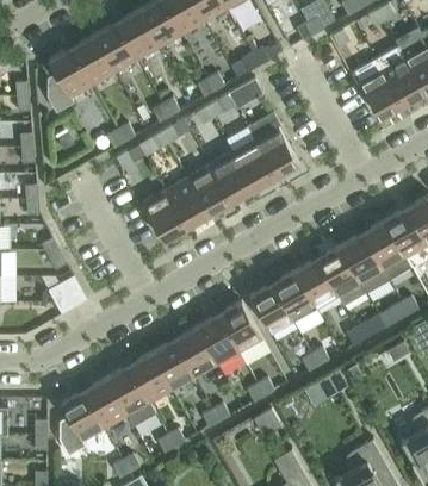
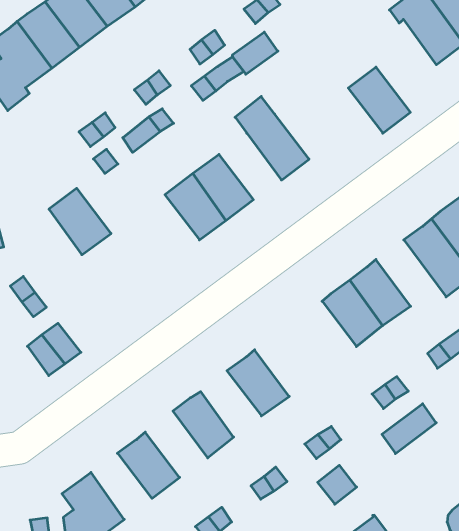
building: [254,127,298,177] -> [348,67,410,133]
building: [209,152,253,202] -> none
building: [142,191,186,241] -> [49,188,111,255]
building: [316,247,365,305] -> none
building: [249,285,293,335] -> none
building: [217,301,261,353] -> none
building: [173,328,216,378] -> none
building: [128,353,172,403] -> none
building: [83,379,126,429] -> none

